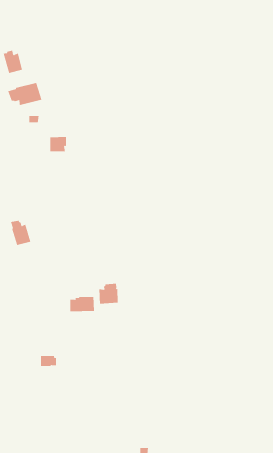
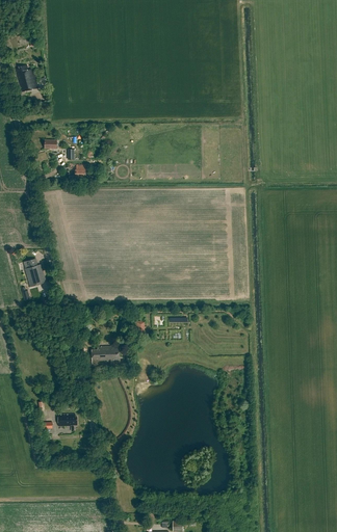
building: [7,82,42,106] -> none
building: [99,283,118,305] -> none

